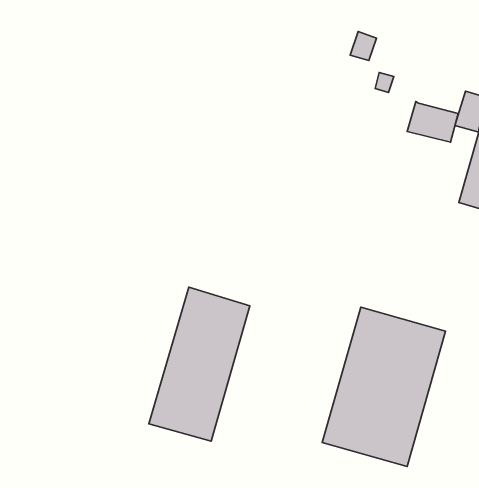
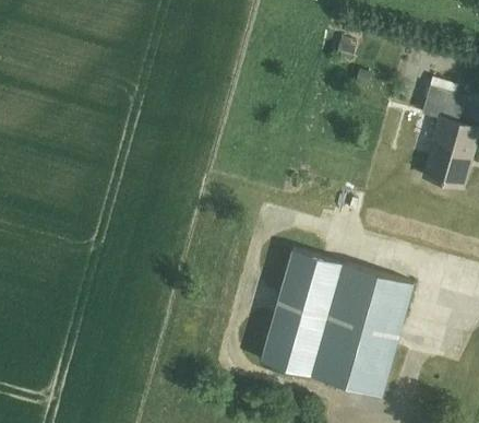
building: [407,101,458,142] -> none
building: [149,287,250,441] -> [261,250,344,377]

